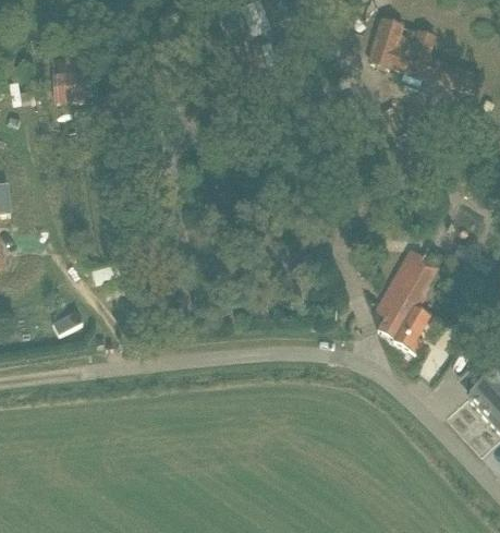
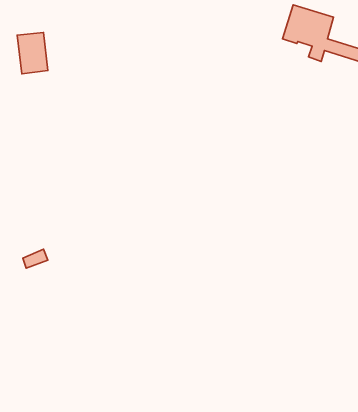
building: [378,251,429,349] -> none

